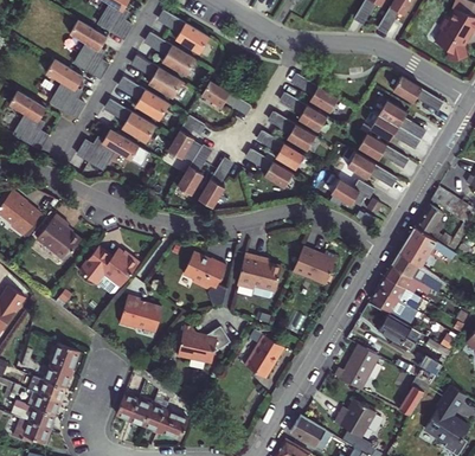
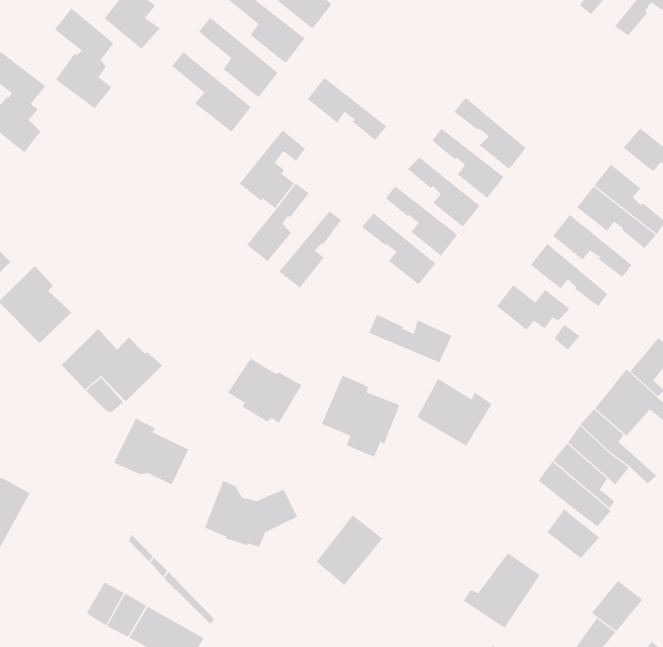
building: [107,98,158,142] -> none
building: [79,129,152,169] -> none
building: none -> [369,314,452,363]

